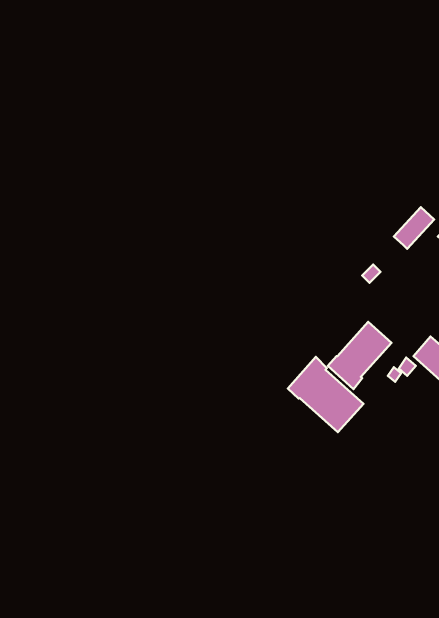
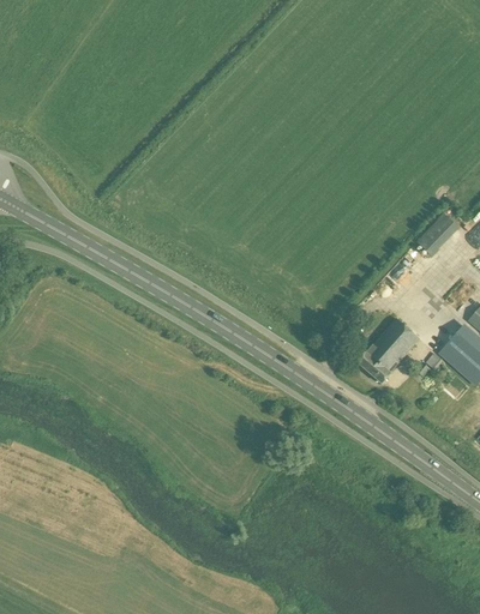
building: [288,357,363,432] -> none

